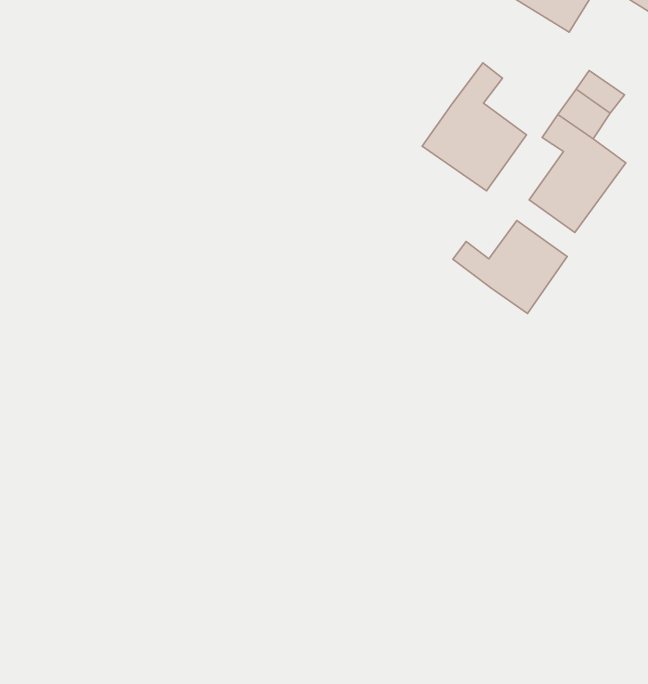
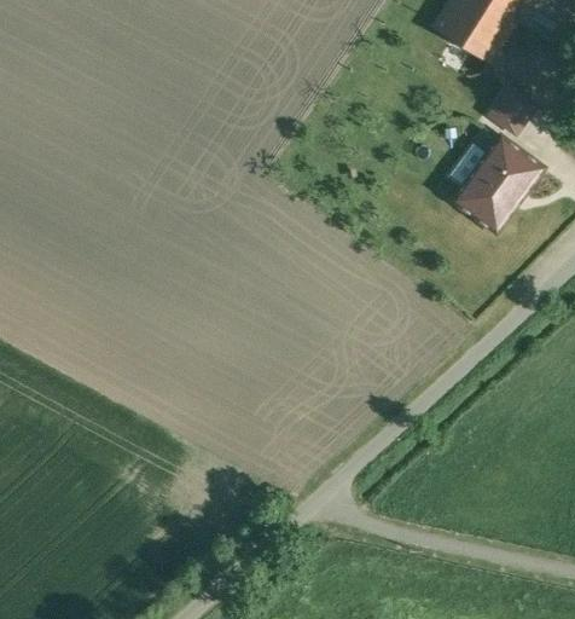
building: [422,63,527,191] -> none
building: [453,220,567,314] -> none

